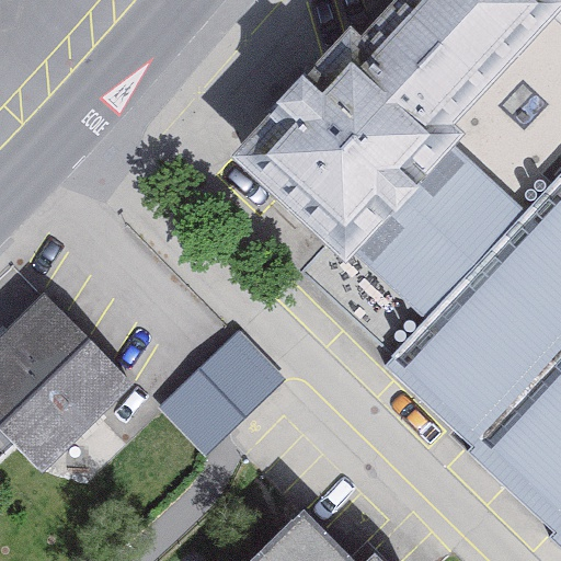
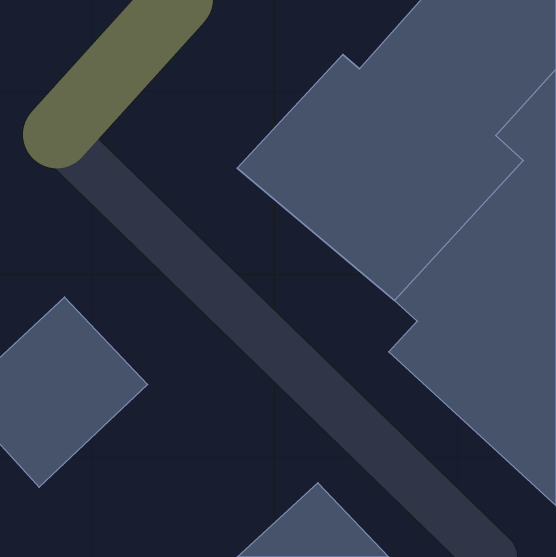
building: [158,330,288,458] -> none

